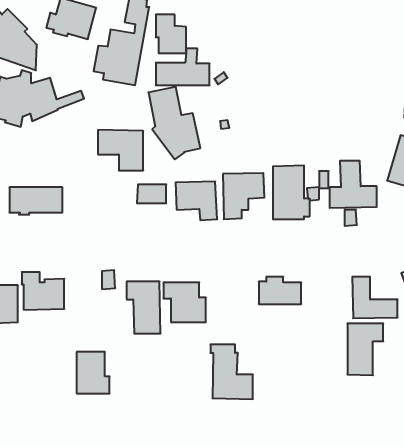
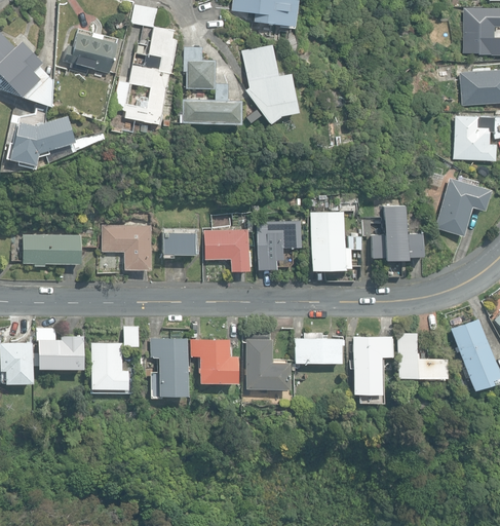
building: [148,87,200,159] -> [241,45,298,124]
building: [98,130,143,170] -> [102,225,151,269]
building: [347,323,383,375] -> [353,337,392,393]
building: [210,344,253,399] -> [243,330,290,389]
building: [77,352,110,393] -> [91,343,127,388]

